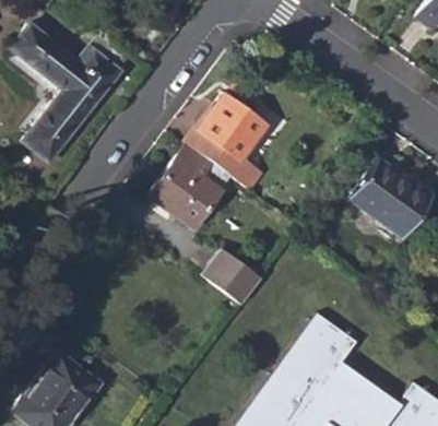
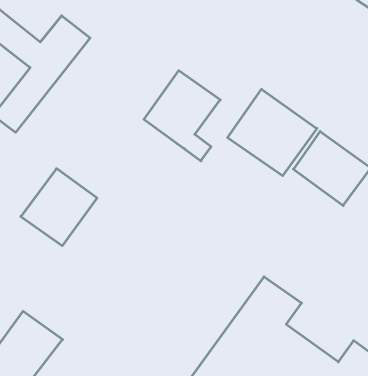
building: none -> [228,89,317,176]
building: [150,144,232,227] -> [21,169,97,246]
building: [202,248,261,304] -> none

